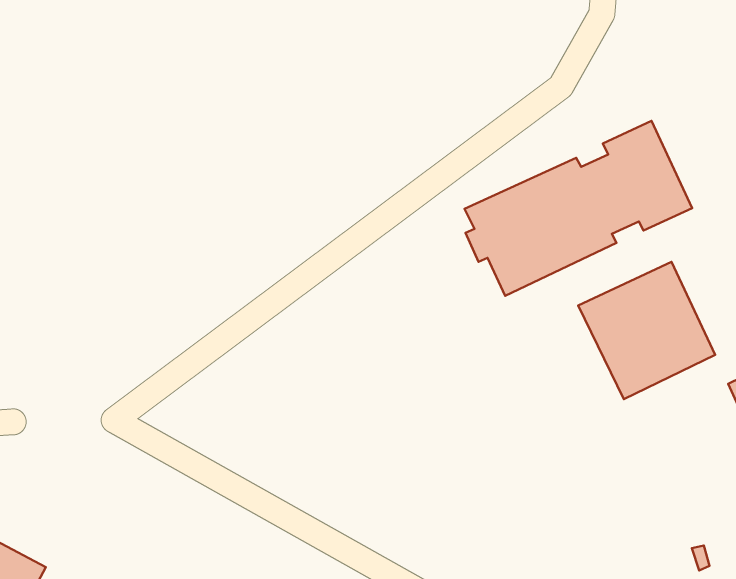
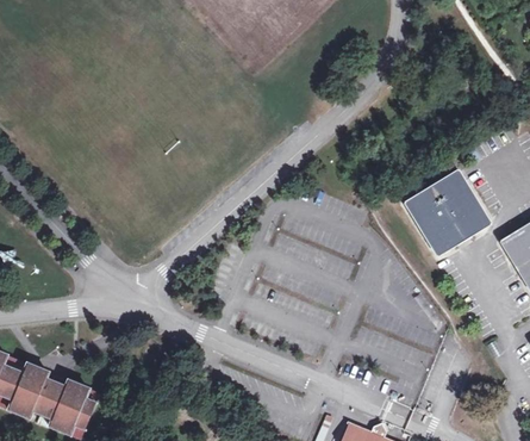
building: [465,121,692,296] -> none

